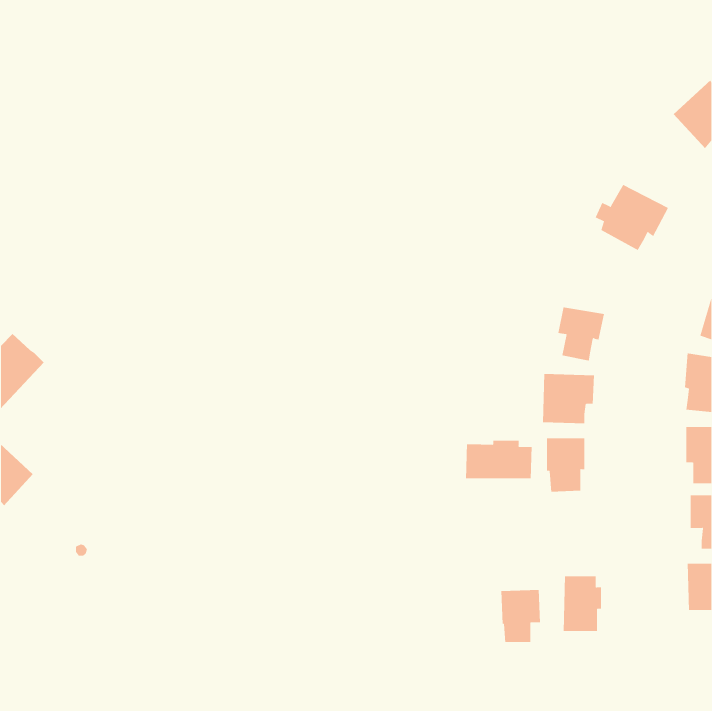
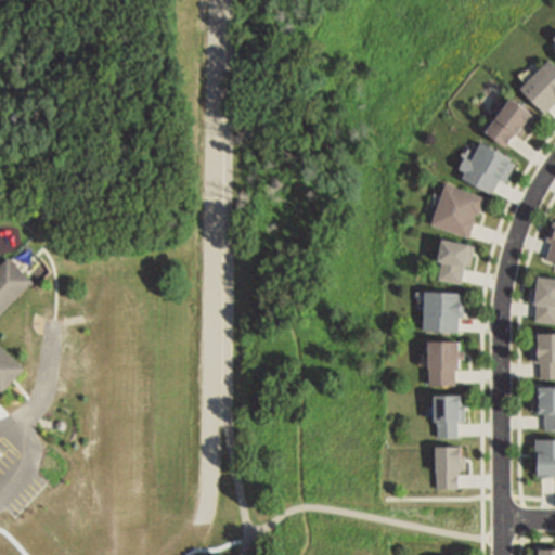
building: none -> [483,98,533,144]
building: none -> [429,182,482,236]
building: [465,440,532,479] -> none
building: [500,589,541,642] -> [437,398,468,439]

